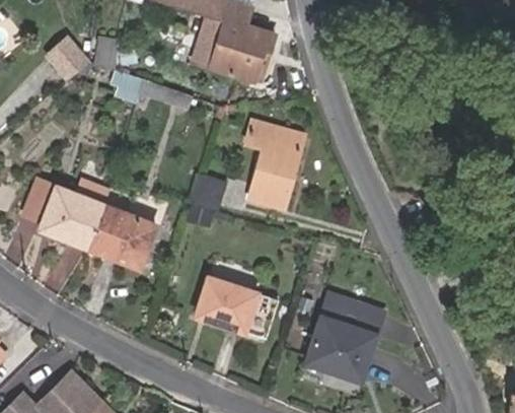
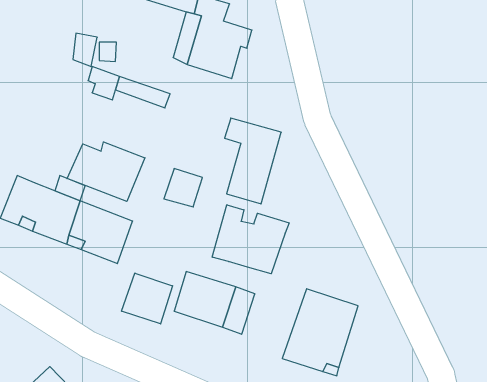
building: [48,39,87,79] -> none
building: none -> [67,142,145,201]
building: none -> [212,205,289,274]
building: none -> [122,273,173,324]

